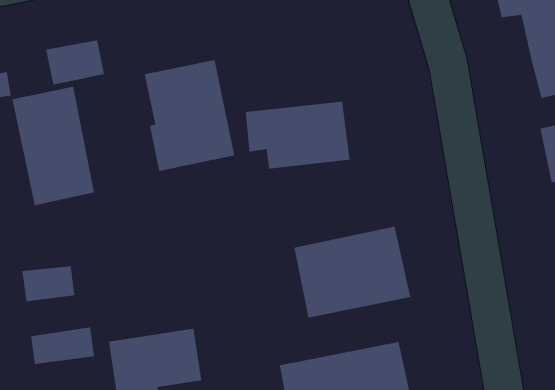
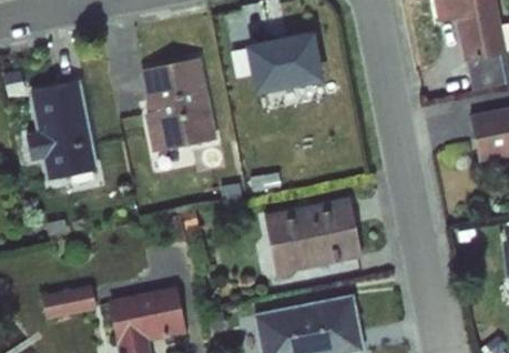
building: [45,40,105,85] -> none
building: [245,101,351,170] -> [235,32,324,90]
building: [22,265,75,302] -> none

